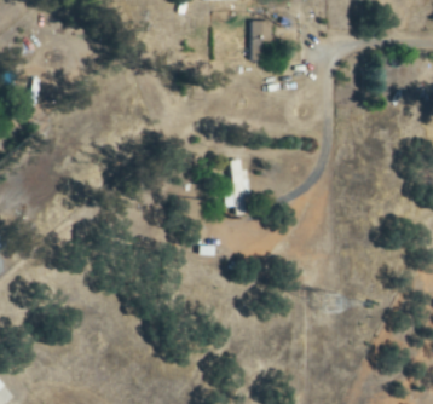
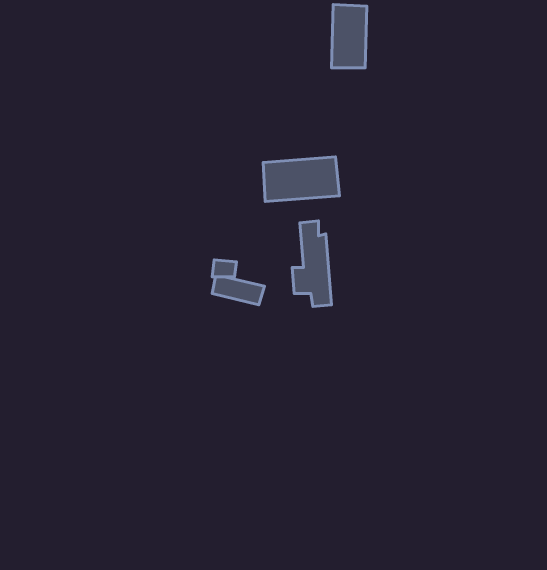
building: none -> [263,157,340,202]

